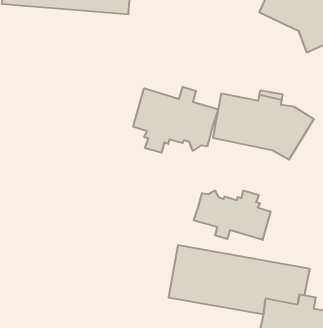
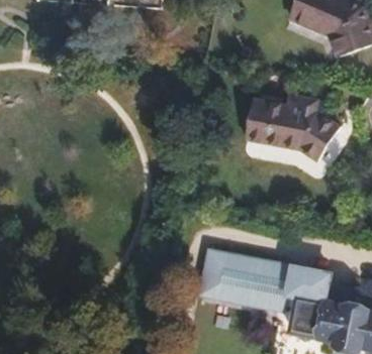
building: [133,87,218,153] -> none
building: [194,190,271,240] -> none

